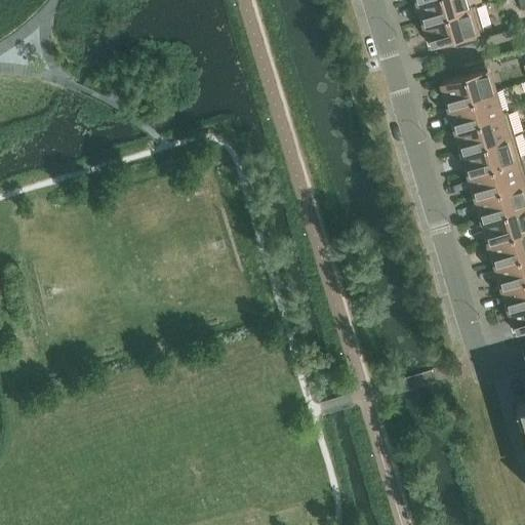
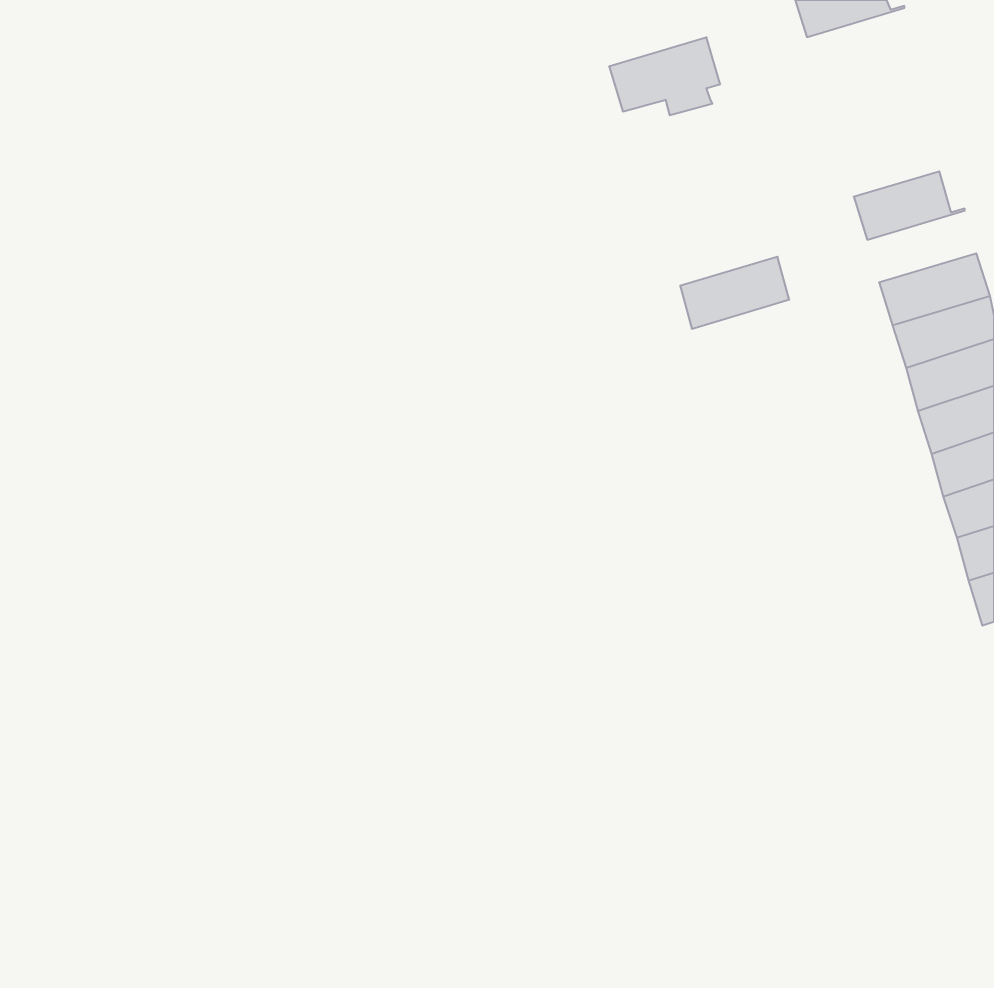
building: [425,8,483,49] -> [609,37,720,115]
building: [443,63,494,108] -> none
building: [456,115,514,153] -> [680,257,789,329]

